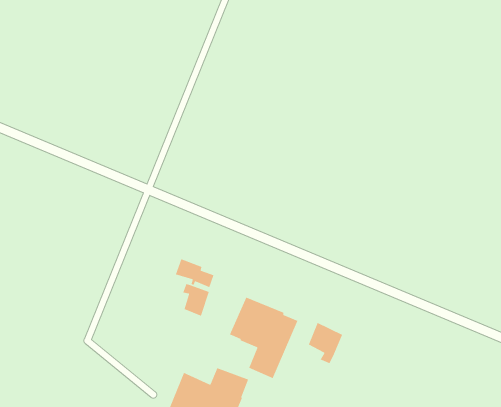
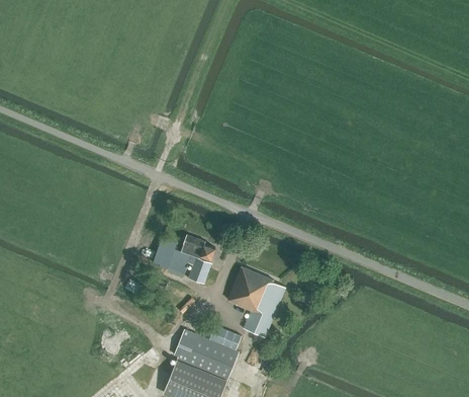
building: none -> [153,237,190,273]
building: [308,322,343,364] -> none

